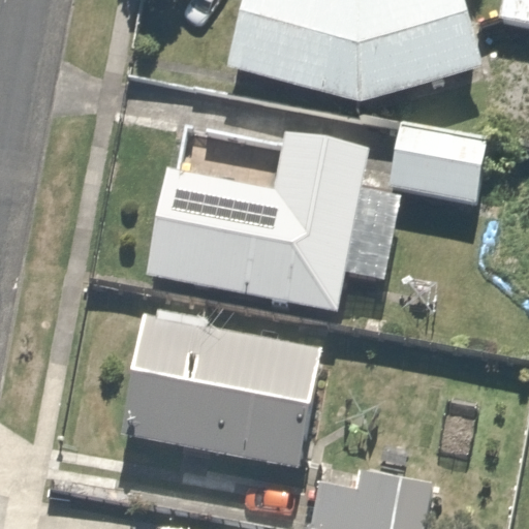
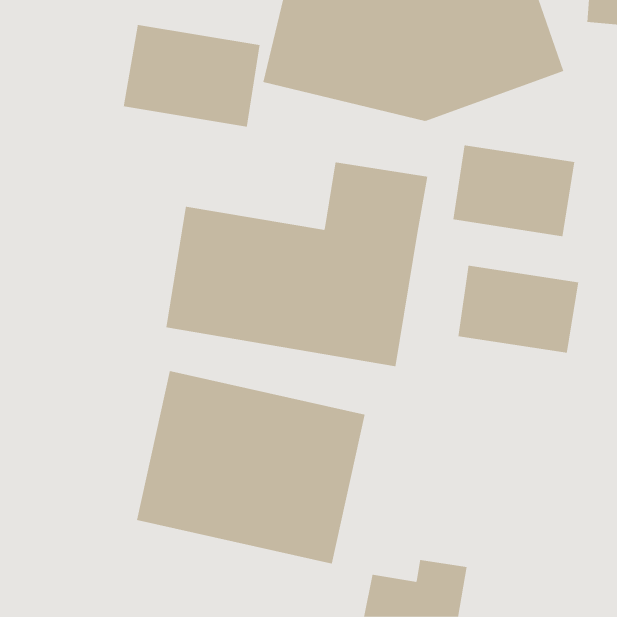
building: none -> [123,24,260,128]
building: none -> [458,265,579,354]

